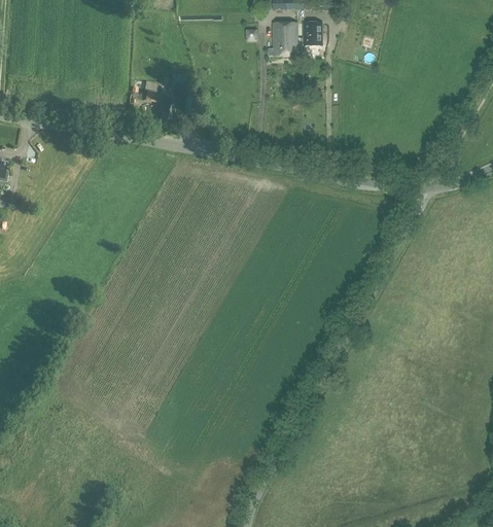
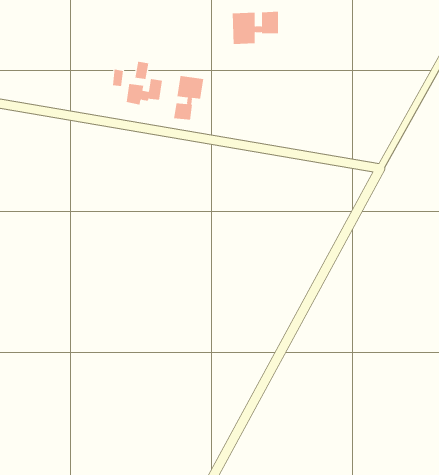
building: none -> [174,75,204,120]

